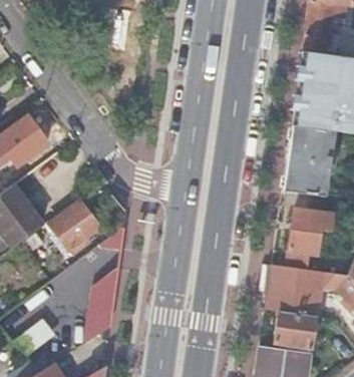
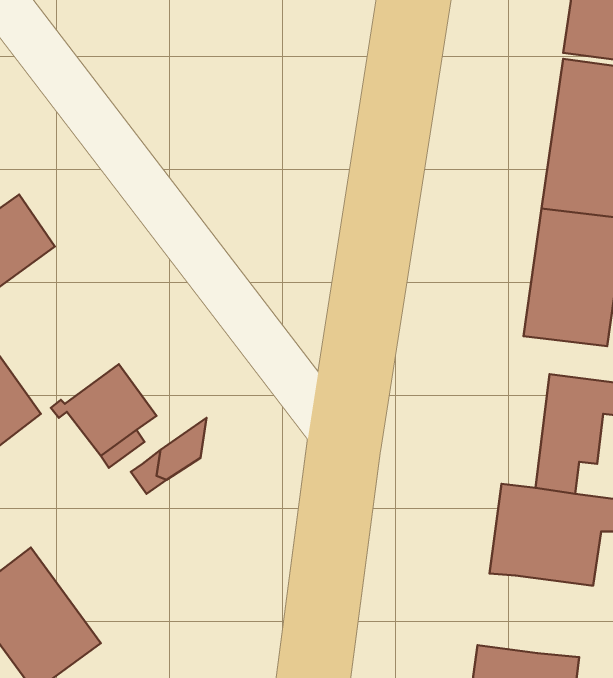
building: [86,267,118,344] -> none
building: [275,308,317,343] -> none

